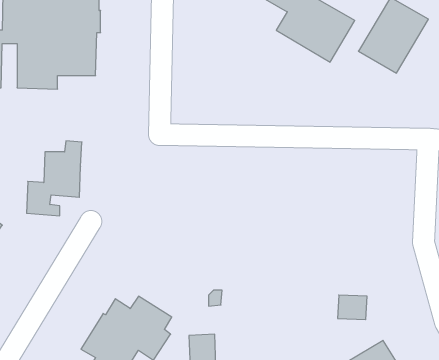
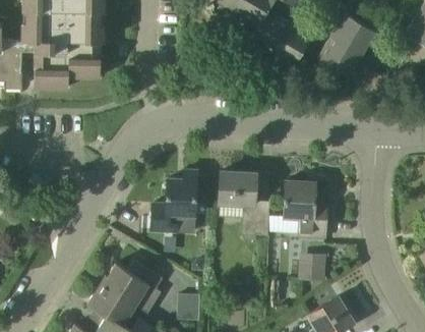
building: [27,141,82,216] -> [151,170,197,232]
building: none -> [219,172,276,241]
building: none -> [284,181,326,237]

